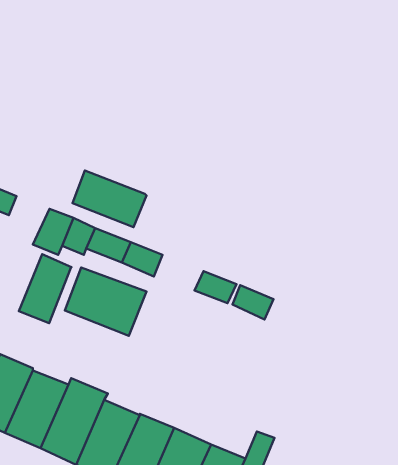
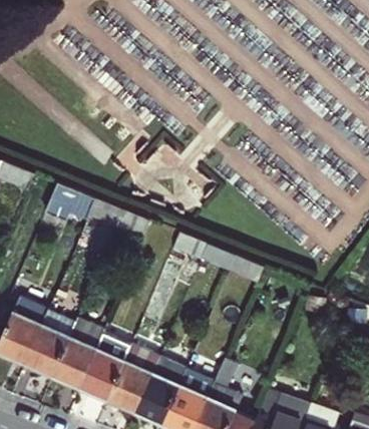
building: [73,171,147,227] -> none
building: [19,254,72,323] -> none
building: [65,268,146,336] -> none

